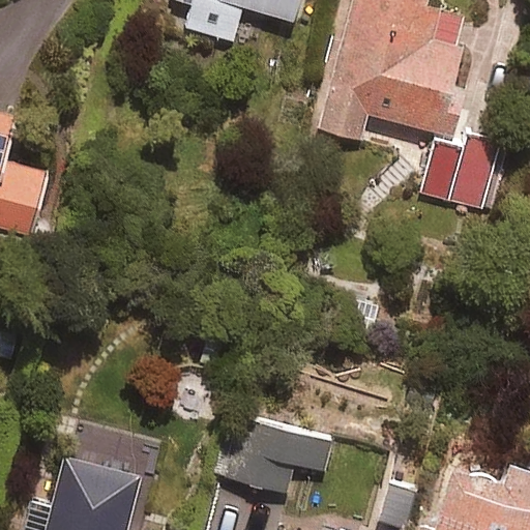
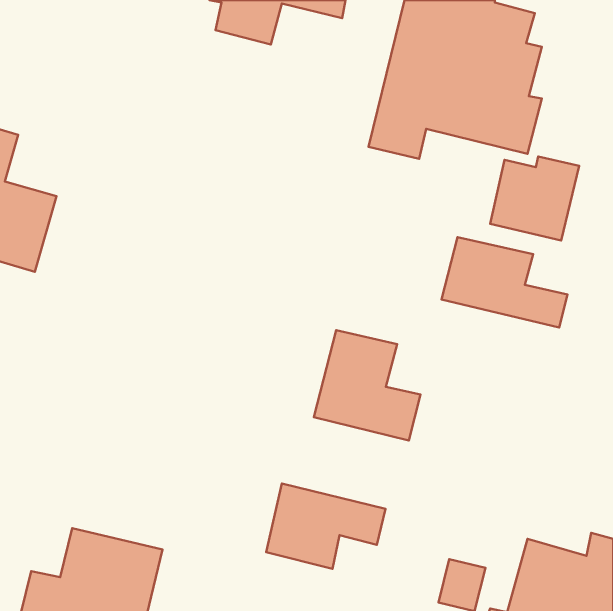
building: none -> [441,237,567,328]
building: none -> [314,330,421,441]

